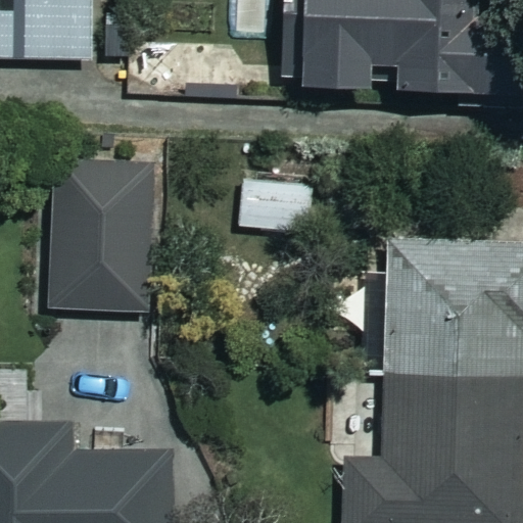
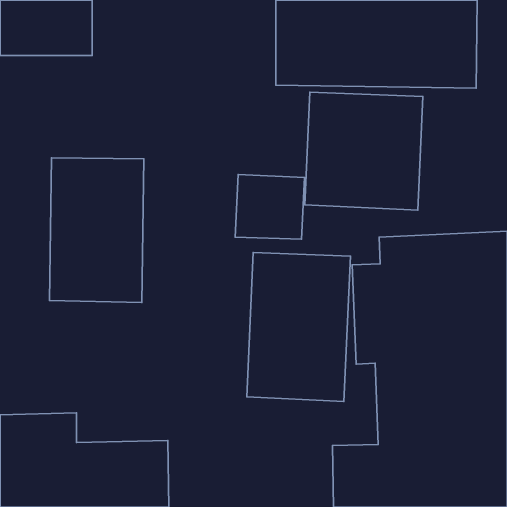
building: none -> [305,92,423,210]
building: none -> [247,252,350,401]

